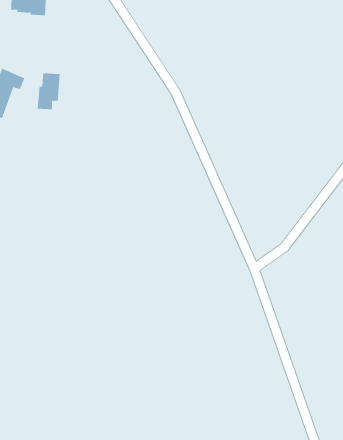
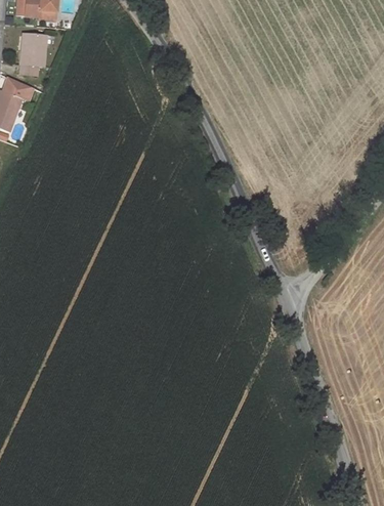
building: [37,73,60,110] -> [20,34,46,74]

